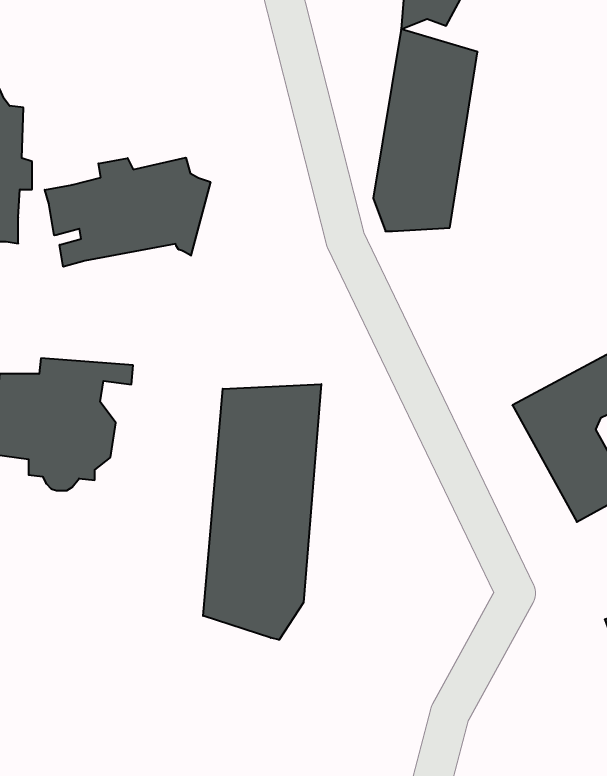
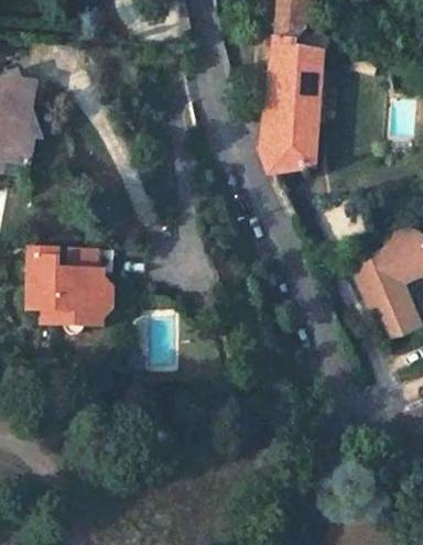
building: [45,158,210,267] -> none
building: [203,384,321,640] -> none

